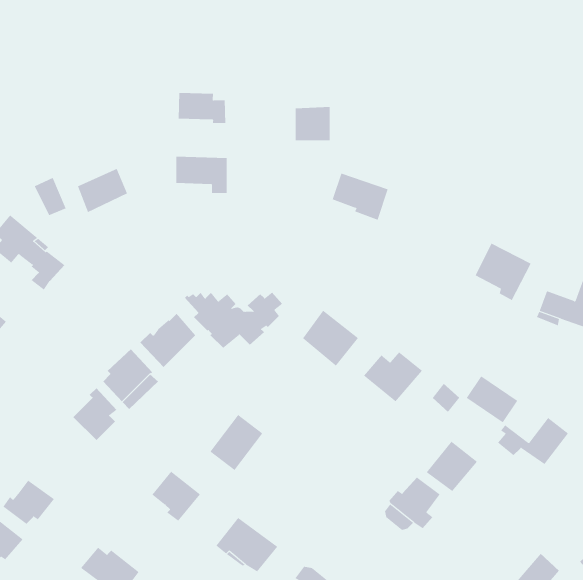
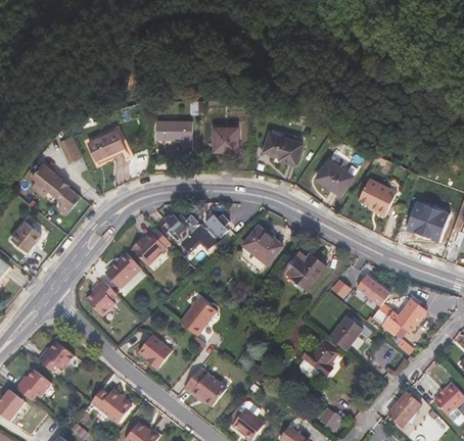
building: [178,92,226,124] -> none
building: [295,107,331,141] -> [213,127,237,150]
building: none -> [315,159,353,194]

